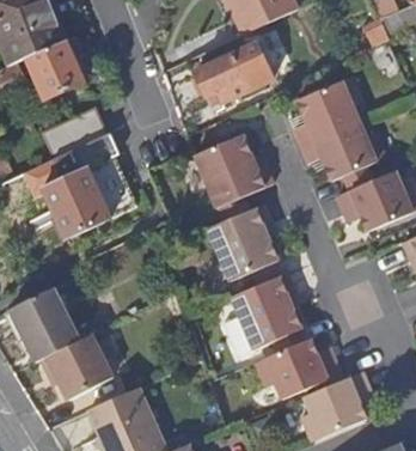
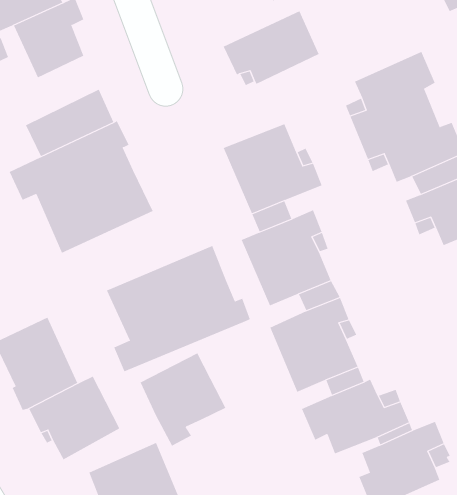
building: none -> [106,245,251,372]
building: none -> [140,353,226,446]

